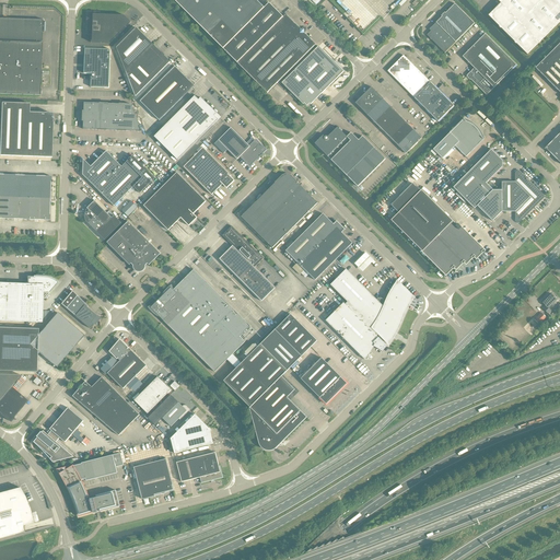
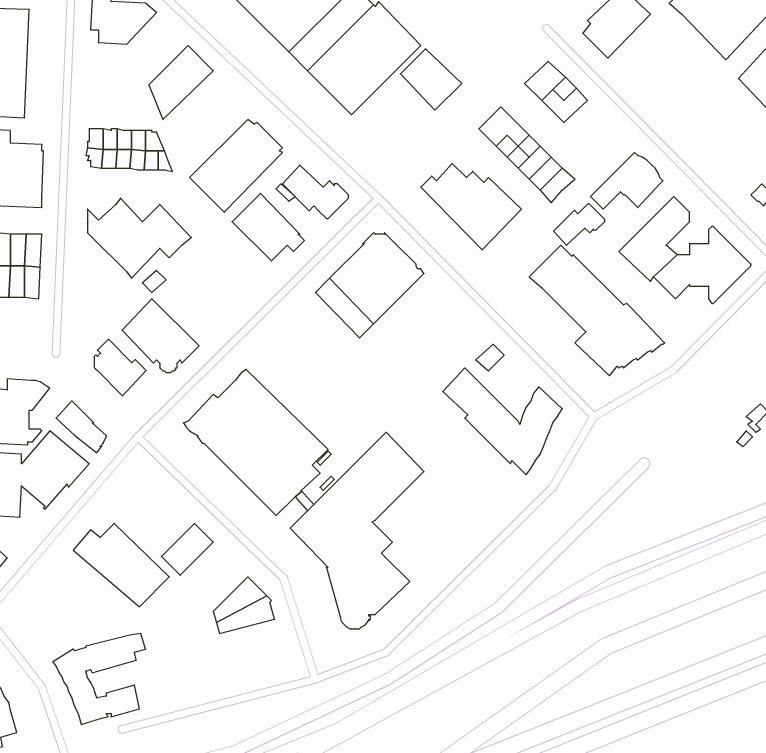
building: [115,27,152,71] -> none
building: [462,33,515,94] -> none
building: [84,48,109,88] -> none
building: [281,63,324,105] -> none
building: [139,66,194,120] -> none
building: [413,82,453,120] -> none
building: none -> [554,204,604,245]
building: [142,172,205,230] -> none
building: [84,200,120,240] -> [94,339,146,396]
building: [284,213,351,279] -> none
building: [219,225,273,300] -> none
building: [325,302,386,359] -> none
building: [106,338,145,388] -> none
building: [300,357,346,404] -> none
building: [147,394,189,425] -> none
building: [33,407,82,462] -> none
building: [176,452,221,481] -> none
building: [133,458,173,499] -> none

